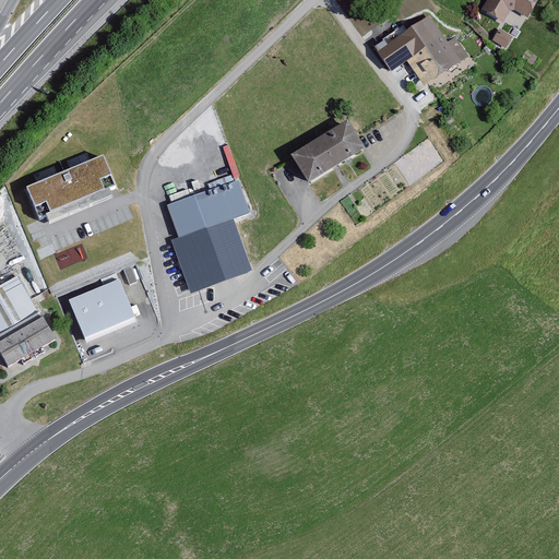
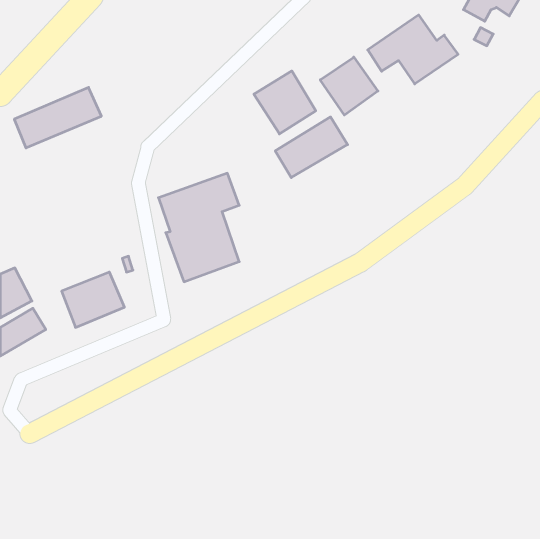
building: none -> [320,57,378,115]
building: none -> [254,71,316,134]
building: [28,158,118,221] -> [14,87,101,148]

